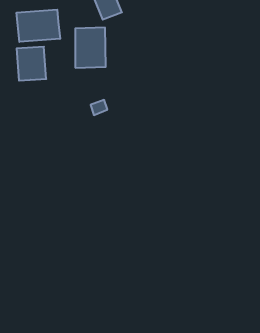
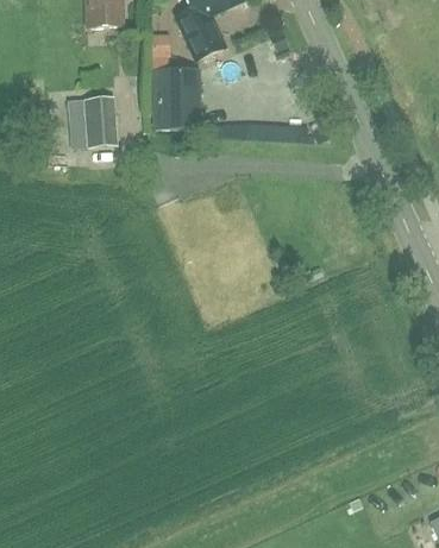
building: [17,10,60,42] -> none

